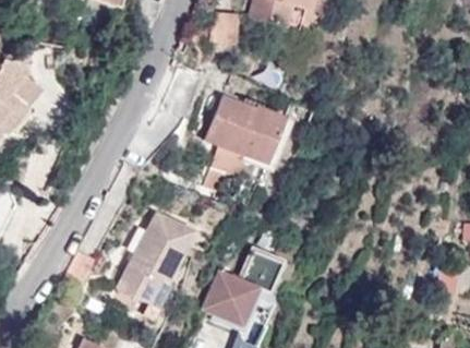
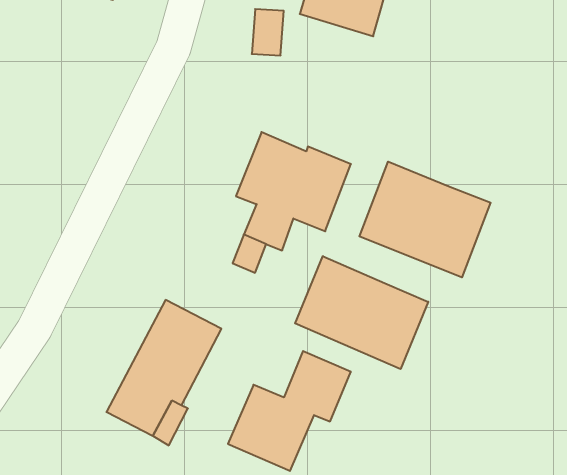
building: none -> [359,162,491,277]
building: none -> [295,256,428,369]

